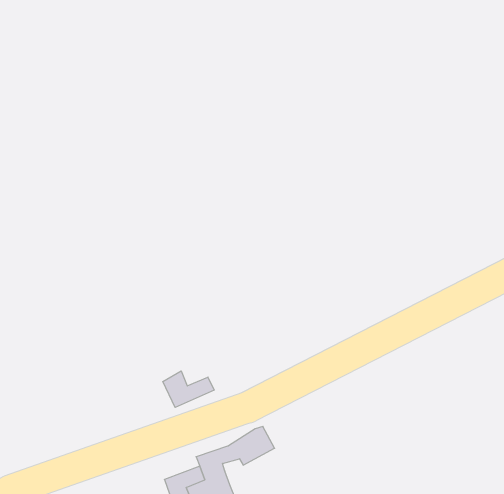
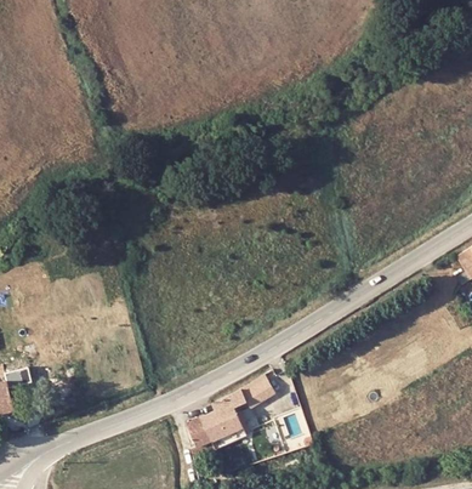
building: [163,371,214,407] -> none

